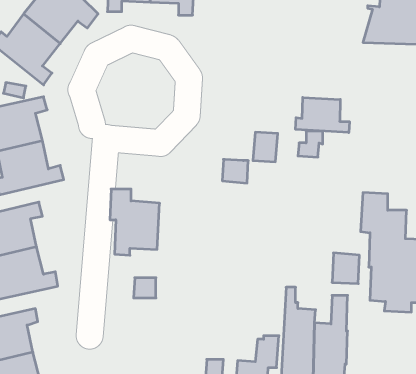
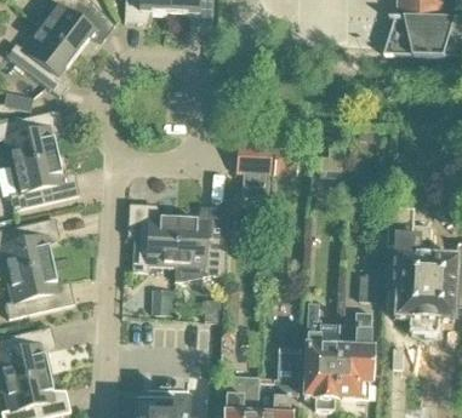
building: [296,97,349,133] -> none
building: none -> [235,142,272,174]
building: none -> [175,207,227,275]

